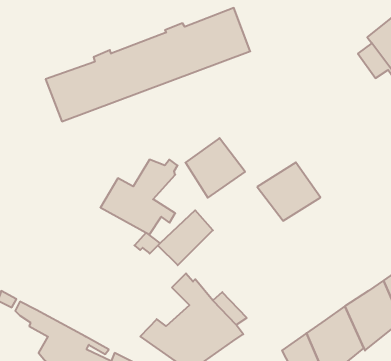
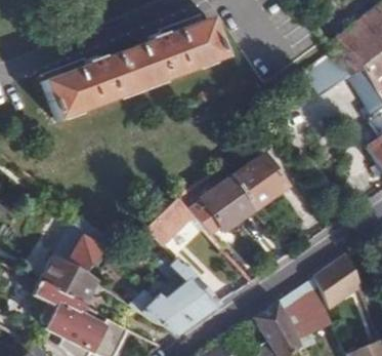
building: [185,138,245,198] -> [203,175,255,228]
building: [100,160,178,234] -> [39,241,107,307]

